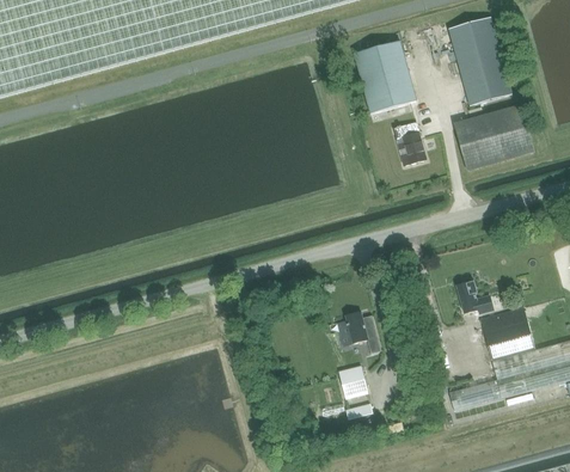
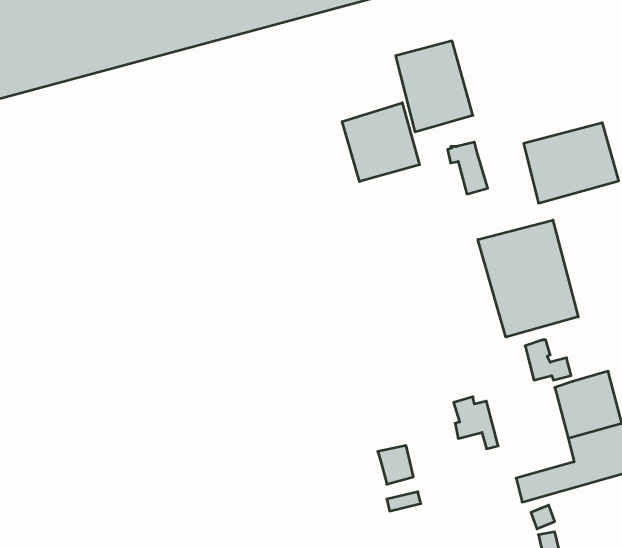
building: [447,22,509,110] -> none
building: none -> [342,103,420,182]
building: none -> [478,220,578,337]
building: [343,313,379,355] -> [454,397,498,449]

